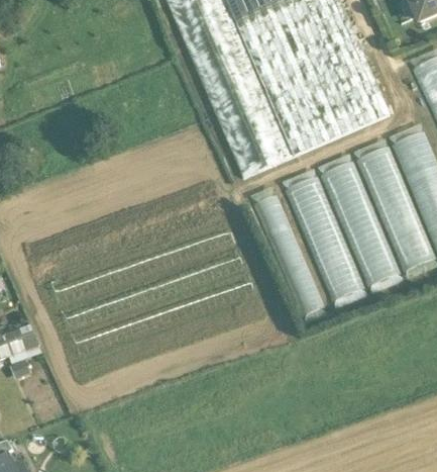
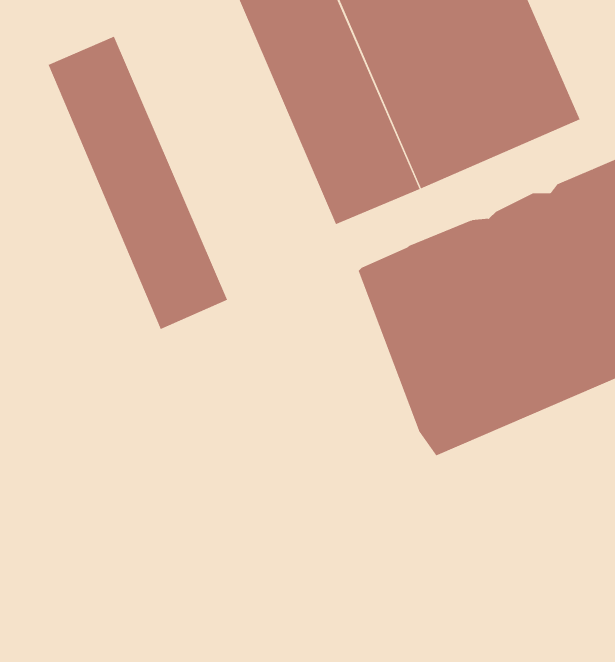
building: none -> [48,36,228,330]

